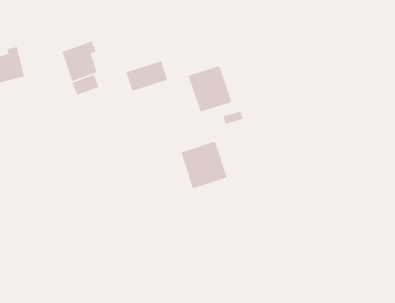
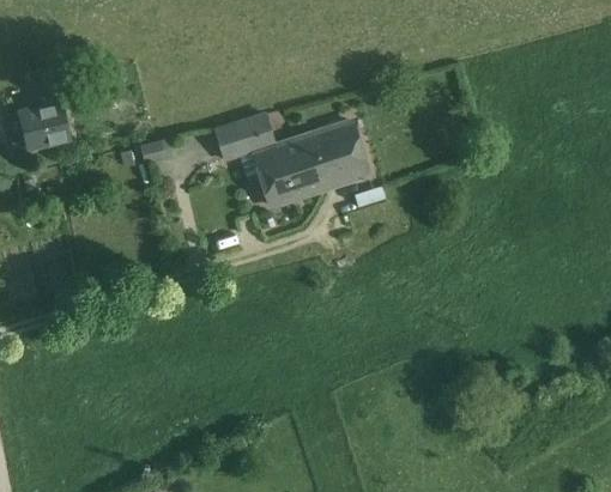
building: [61,40,98,82] -> none
building: [181,140,228,189] -> [253,136,321,207]

